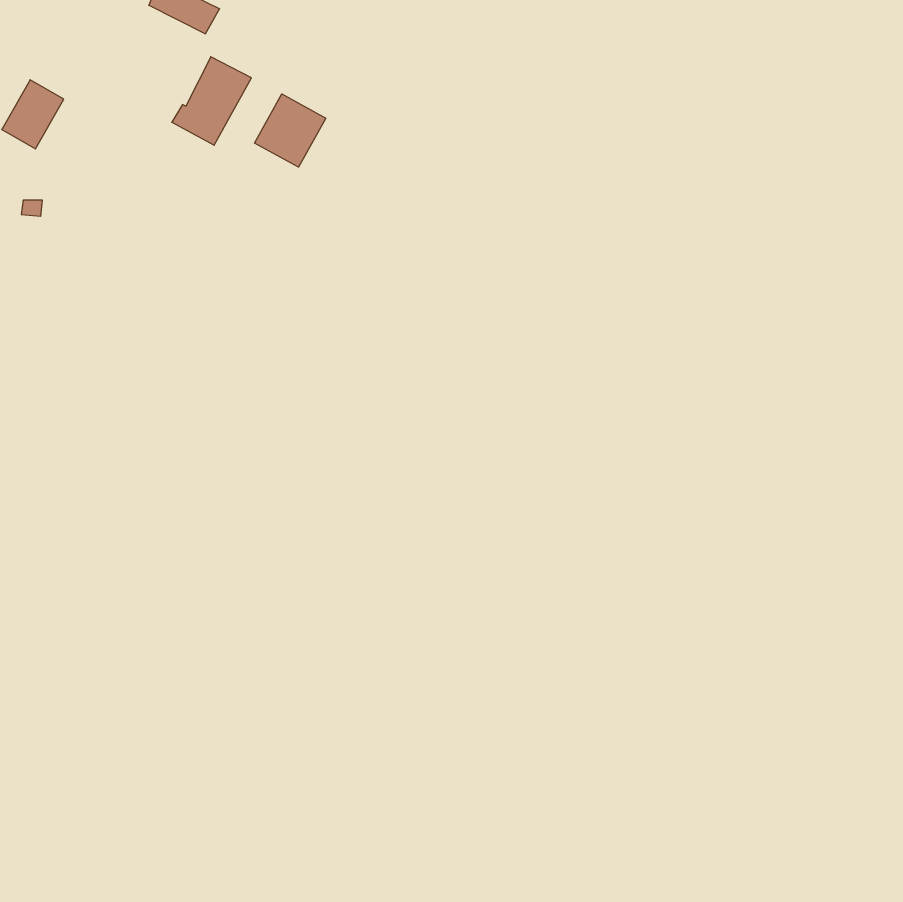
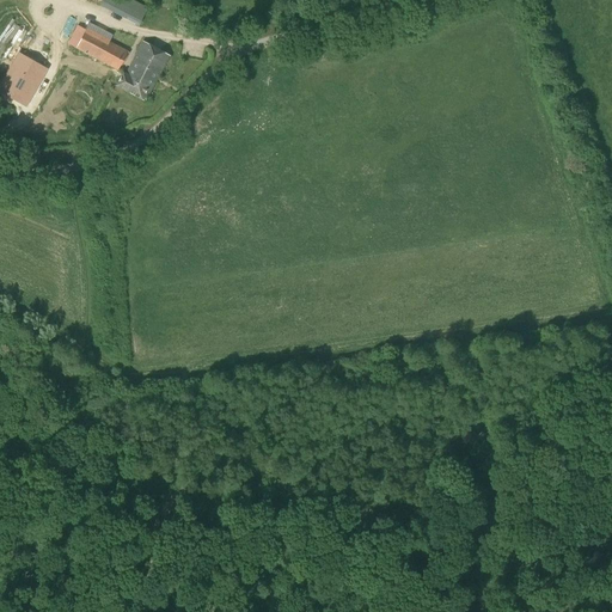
building: none -> [76,26,129,68]
building: [255,94,326,167] -> none

